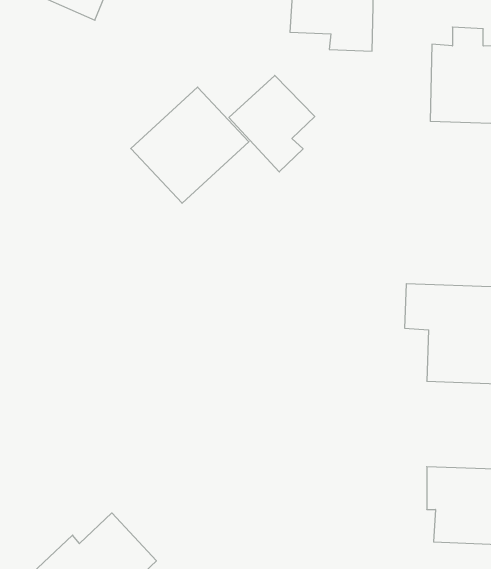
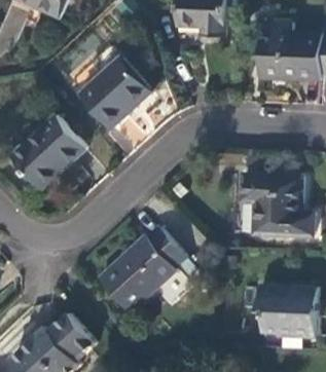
building: [229,75,315,172] -> none
building: none -> [10,114,84,187]
building: none -> [98,227,184,310]

